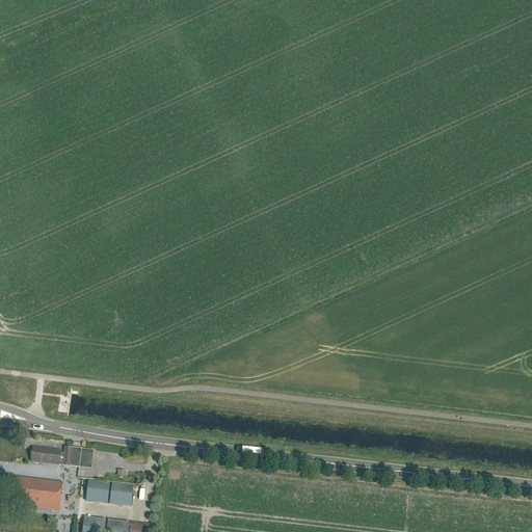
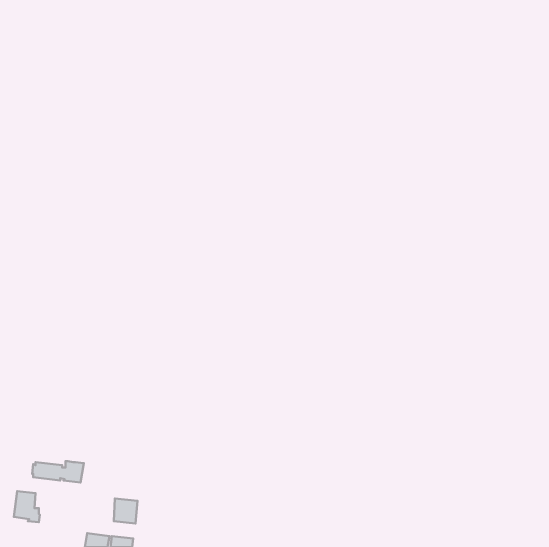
building: [33,477,62,508] -> none
building: [86,480,109,503] -> none

